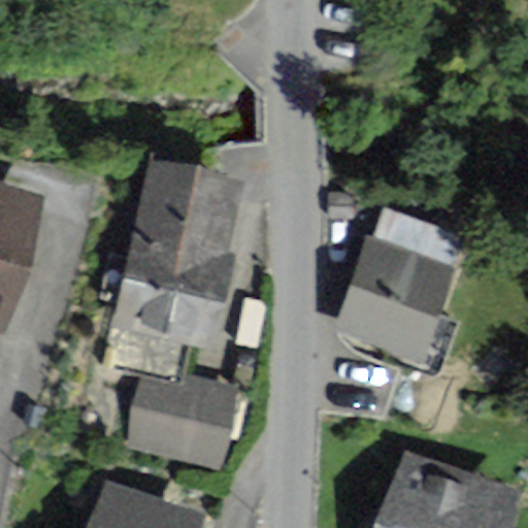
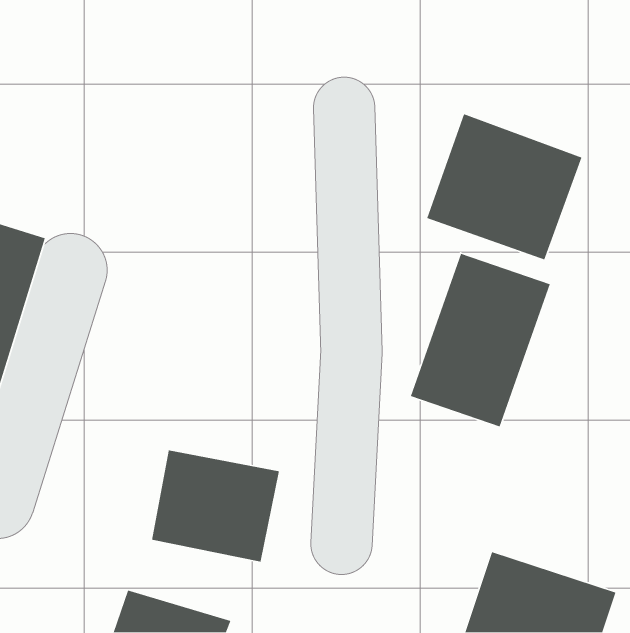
building: none -> [426,113,583,261]
building: [121,163,232,342] -> none

